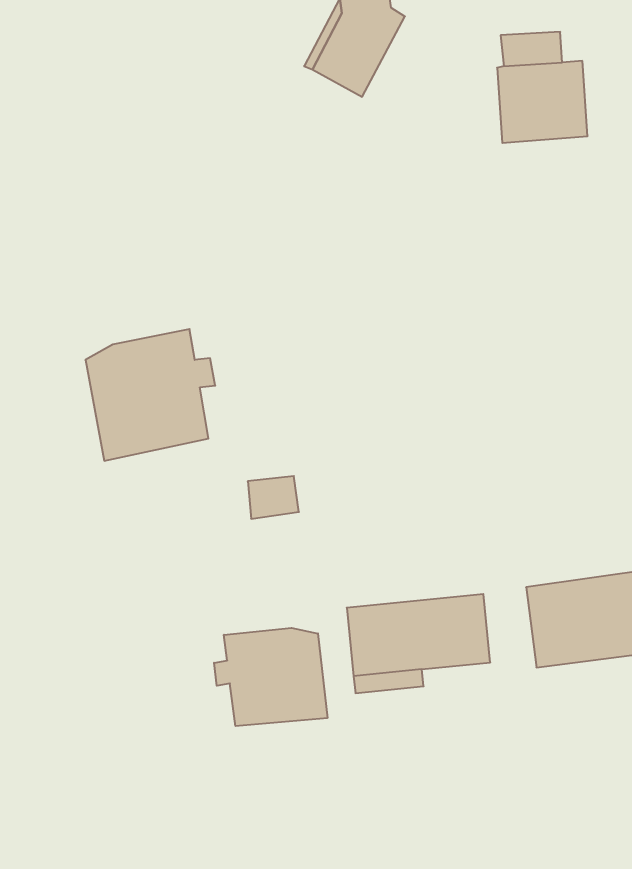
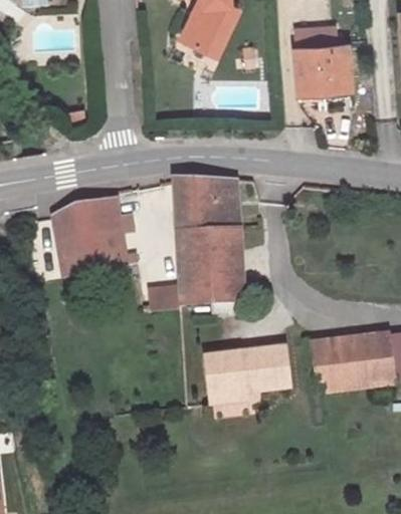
building: none -> [177,179,246,320]
building: [214,628,327,726] -> none

